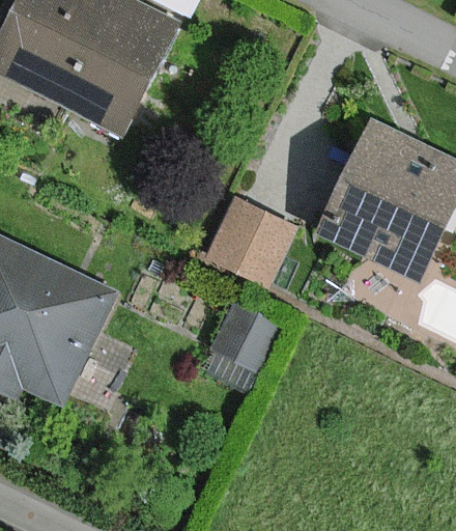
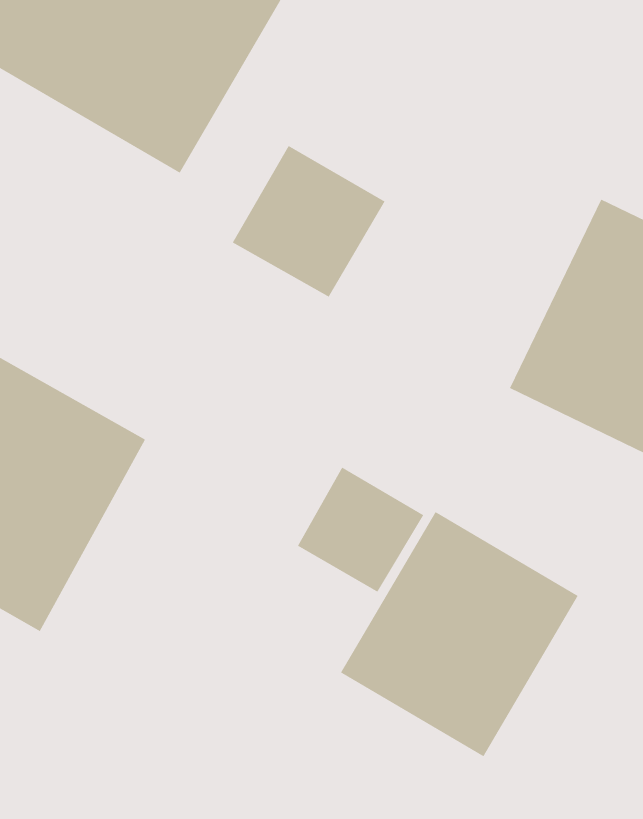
building: [206,197,295,285] -> [232,145,386,297]
building: none -> [340,511,578,757]

